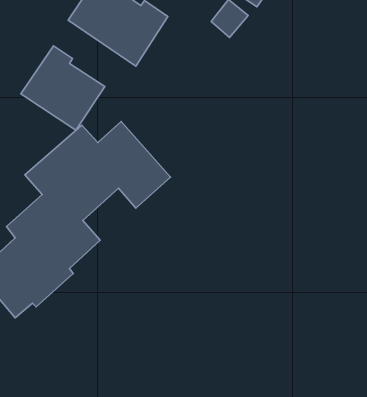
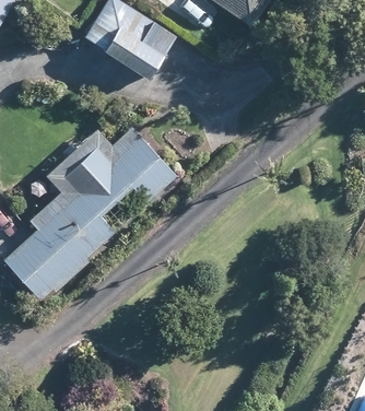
building: [21,46,105,130] -> none

